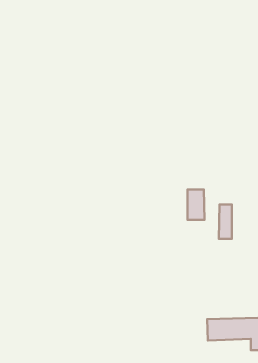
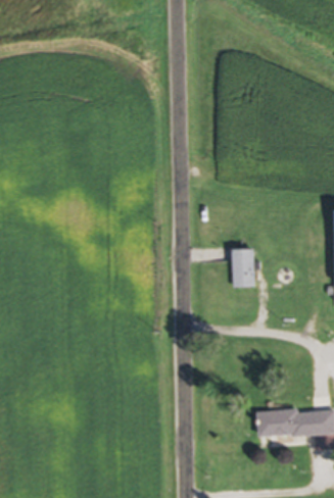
building: [219,205,232,239] -> none

